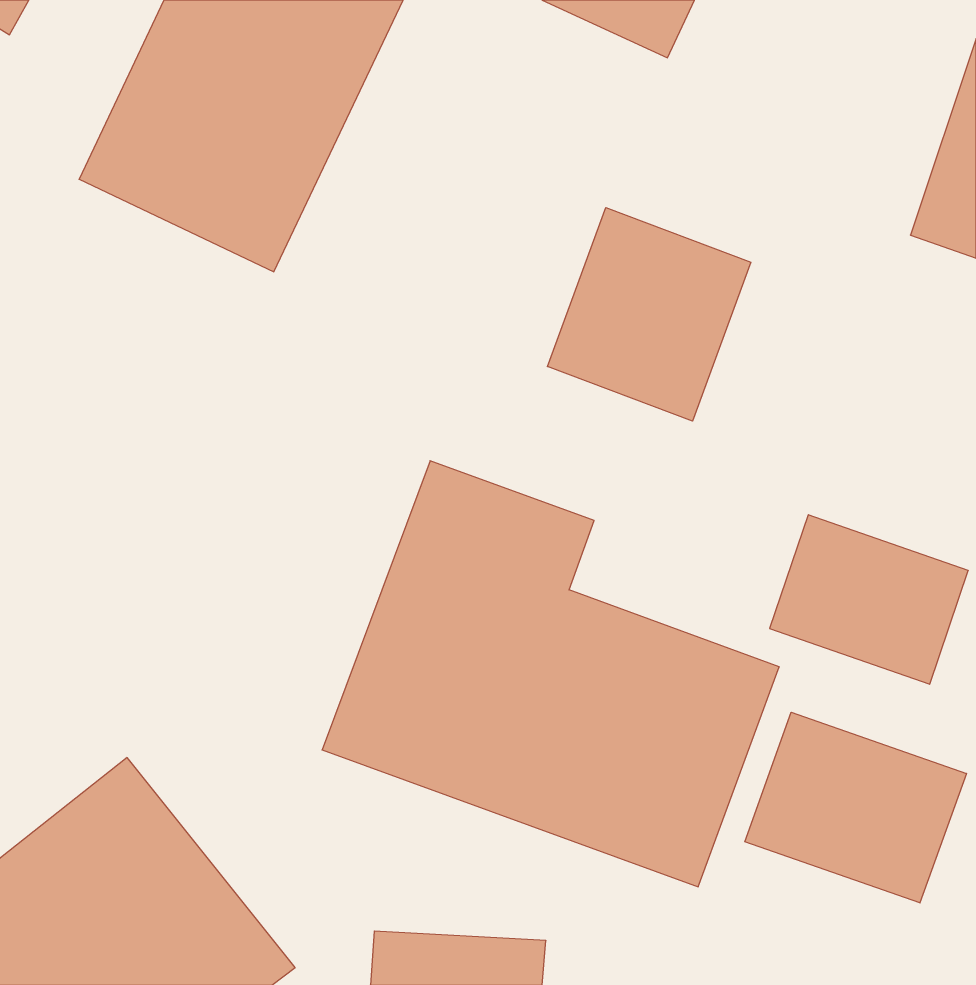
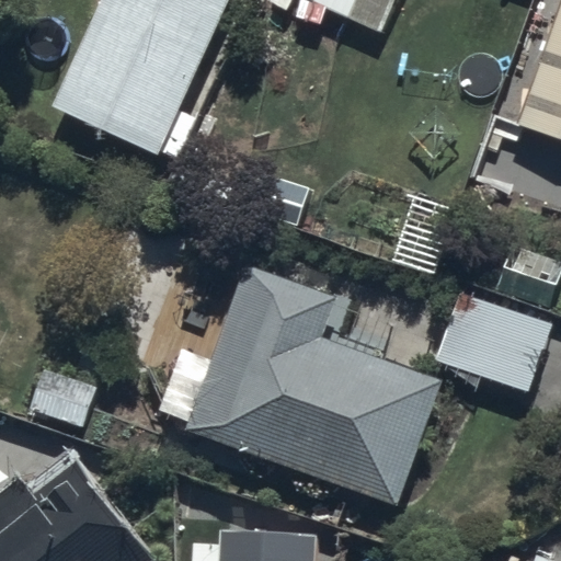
building: [547,208,751,421] -> none
building: [745,712,966,903] -> none

